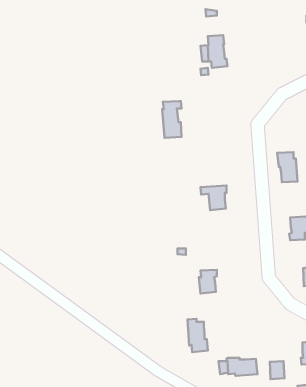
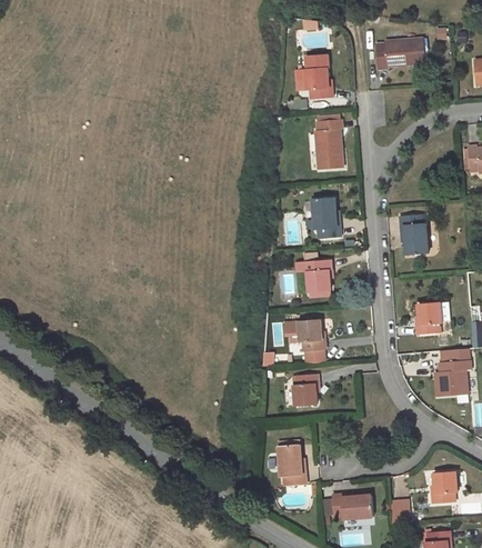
building: none -> [375,38,425,68]
building: [162,101,182,138] -> [315,119,342,169]
building: none -> [313,197,340,238]
building: none -> [298,318,324,350]

